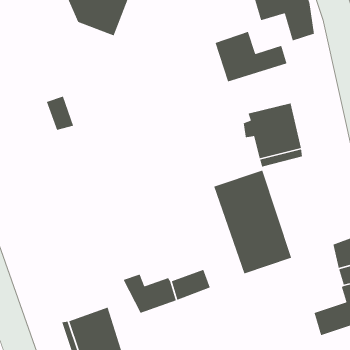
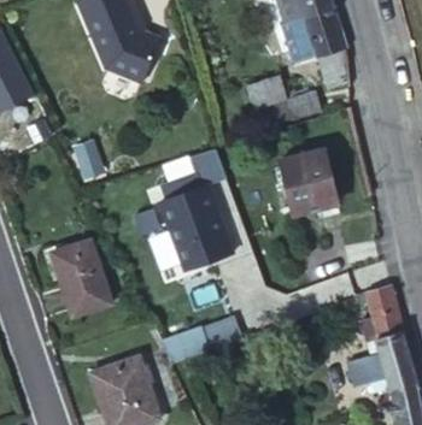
building: [213,170,292,275] -> [157,170,238,277]
building: none -> [51,240,110,315]

